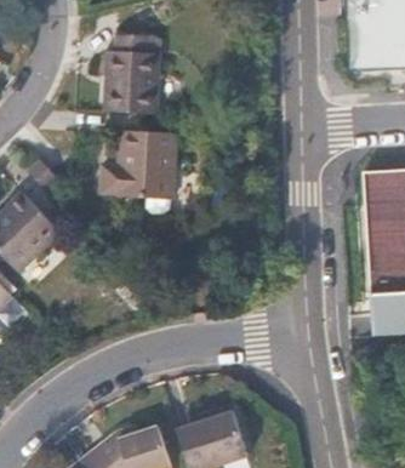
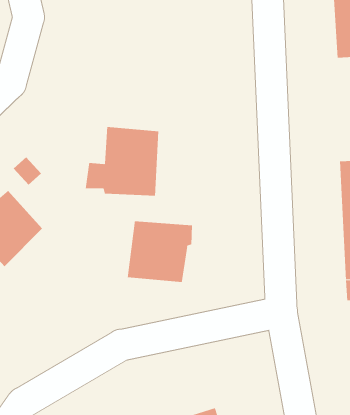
building: [103,38,159,116] -> none
building: none -> [127,220,192,283]

